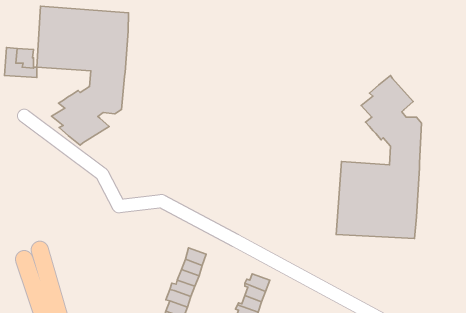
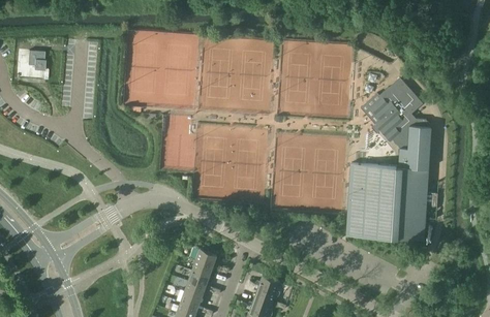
building: [37,6,129,145] -> none

